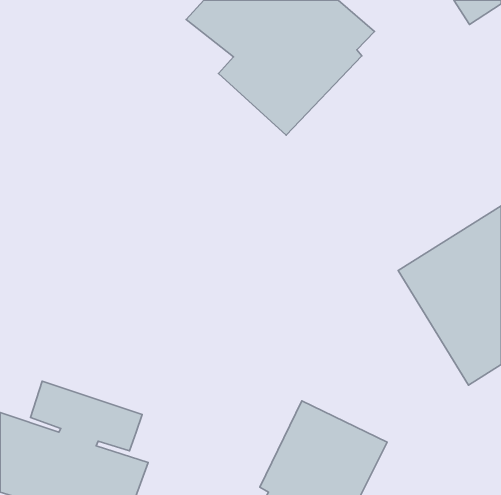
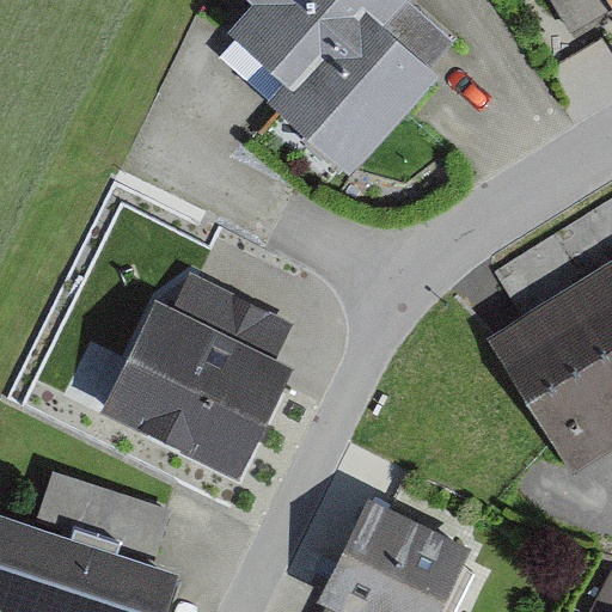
building: none -> [99,279,295,479]

